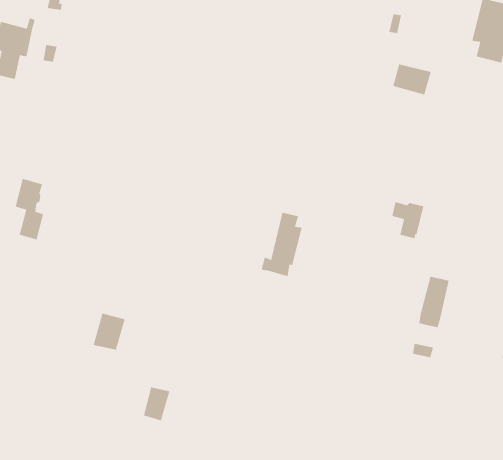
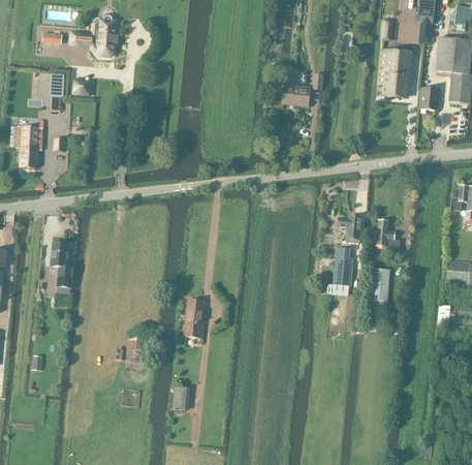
building: [392,64,431,95] -> [282,85,310,105]
building: [261,212,303,277] -> [327,246,354,294]
building: none -> [377,219,401,252]
building: none -> [185,299,204,337]

